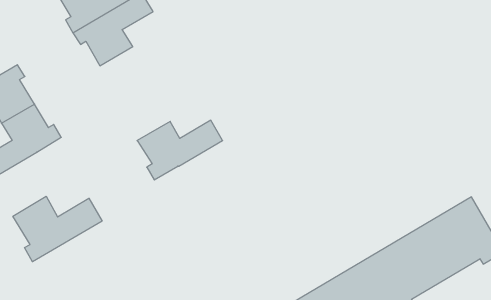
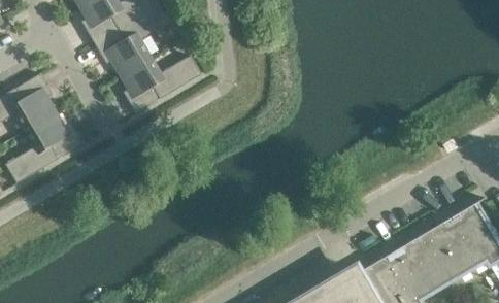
building: [137,120,223,180] -> [117,50,199,108]
building: [13,196,102,262] -> none

